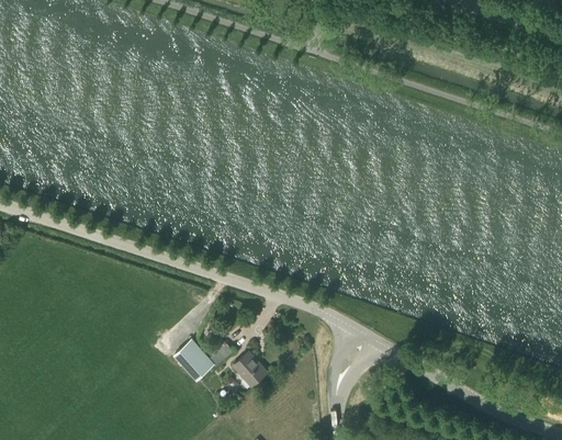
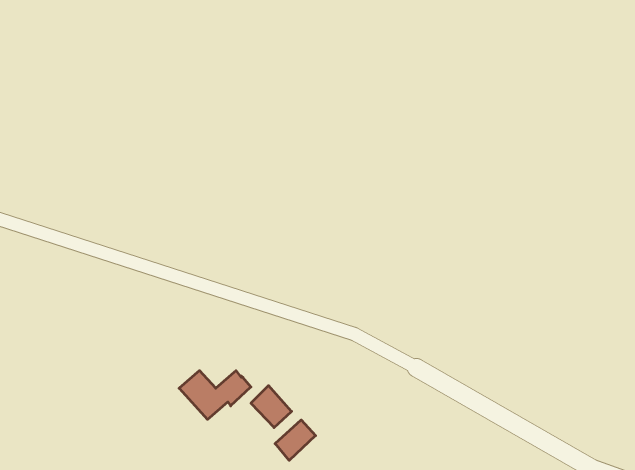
building: none -> [275,420,316,460]

